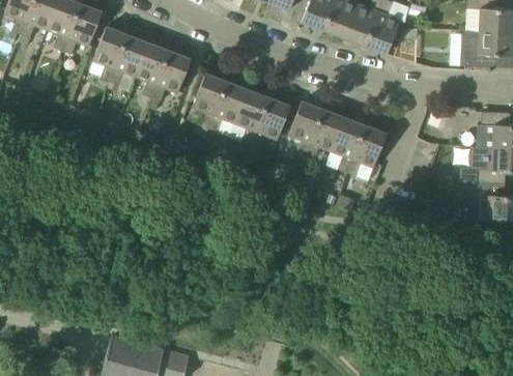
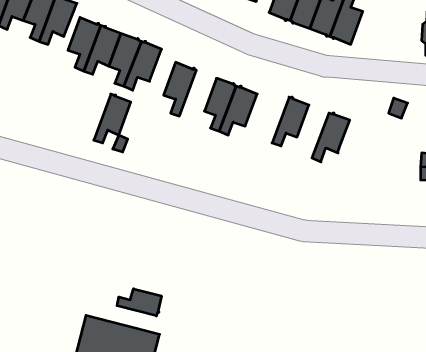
building: [209,81,248,132] -> [94,94,131,143]
building: [289,100,323,156] -> none
building: [332,117,365,172] -> none
building: none -> [117,289,161,316]

